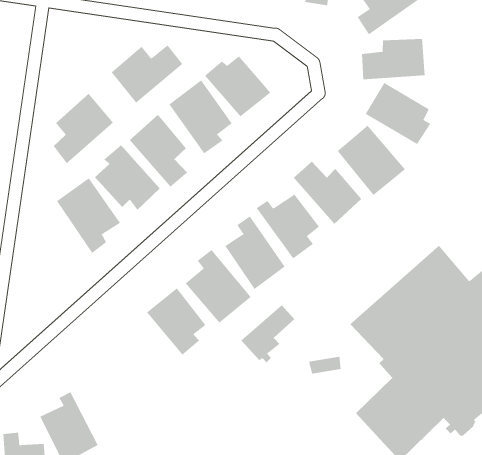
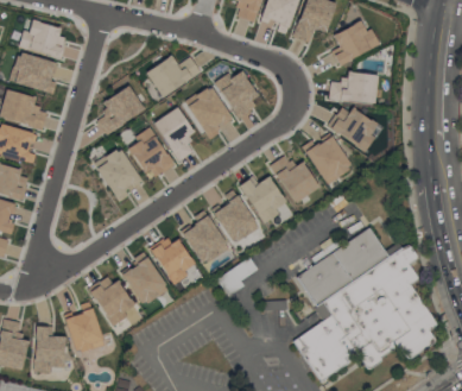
building: none -> [120,252,167,303]
building: none -> [88,273,132,327]

